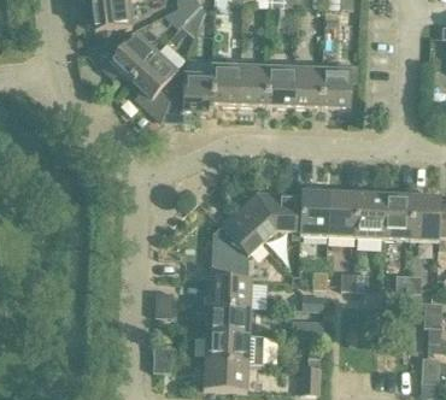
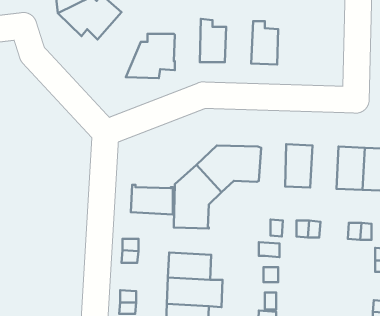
building: [131,51,178,119] -> none
building: [212,58,241,104] -> none
building: [266,60,297,105] -> none
building: [322,61,352,107] -> none
building: [300,189,331,235] -> none
building: [357,192,387,237] -> none
building: [207,276,252,307] -> [131,185,173,214]

